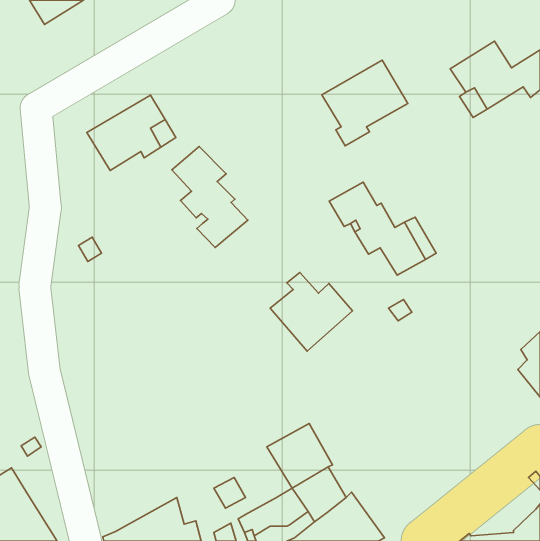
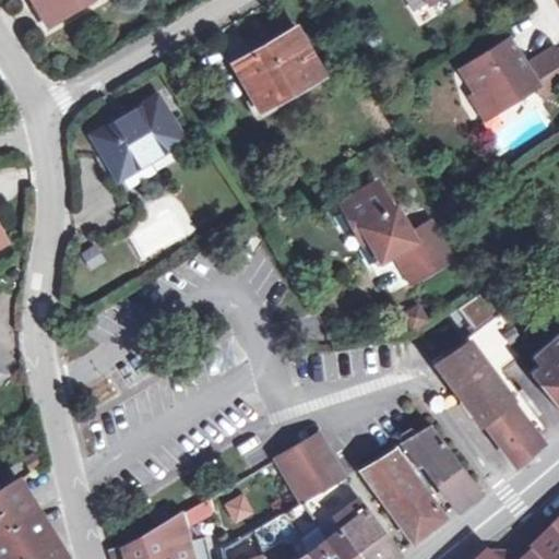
building: [322,60,408,146] -> [236,31,324,119]
building: [172,147,248,248] -> none
building: [270,273,352,351] -> none
building: none -> [436,311,543,467]
building: none -> [399,427,478,511]
building: none -> [358,450,443,545]

